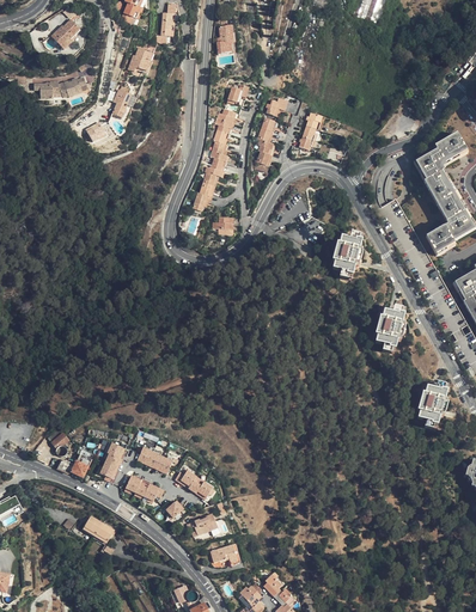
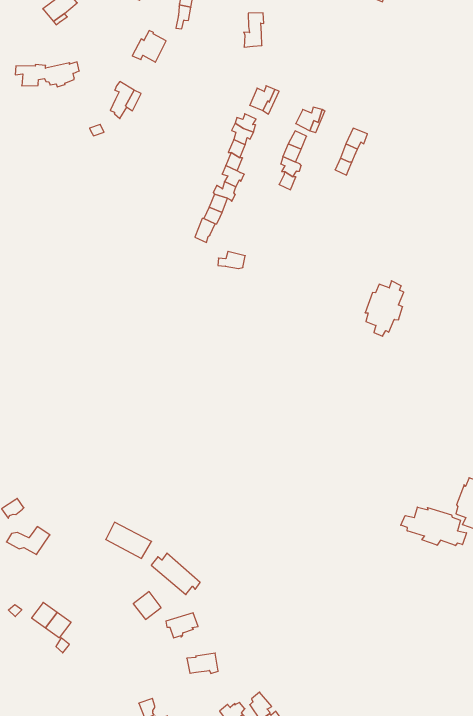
building: [376,306,405,351] -> none
building: none -> [401,507,466,546]
building: [98,440,123,481] -> none
building: [124,473,165,501] -> none

